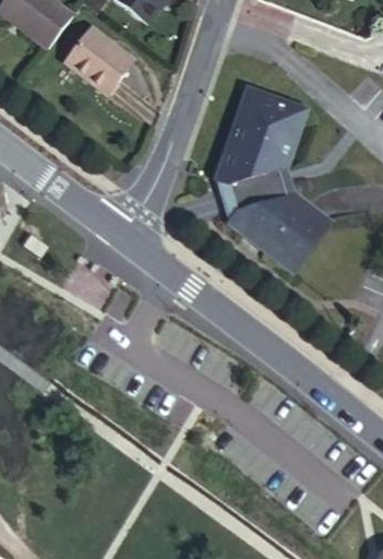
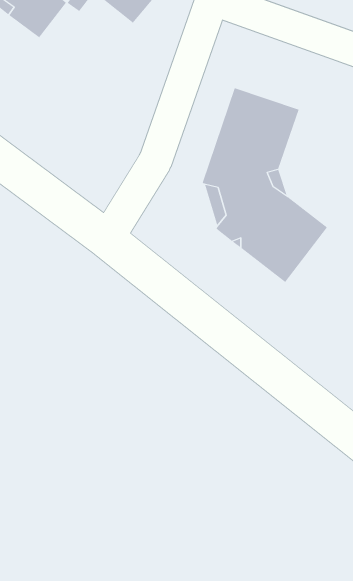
building: [63,26,132,93] -> none

